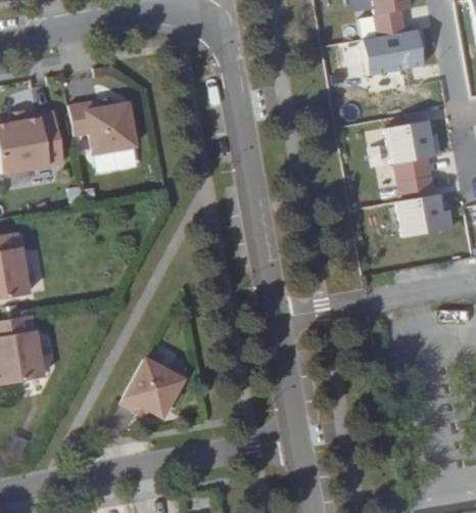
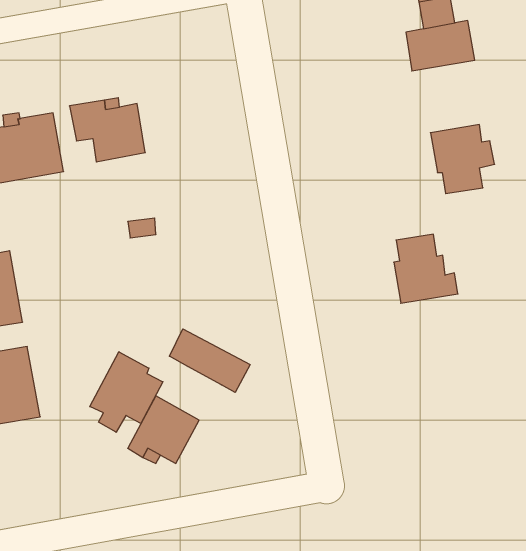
building: [396,176,453,236] -> [394,234,458,303]
building: none -> [169,329,250,392]
building: none -> [90,352,163,432]

